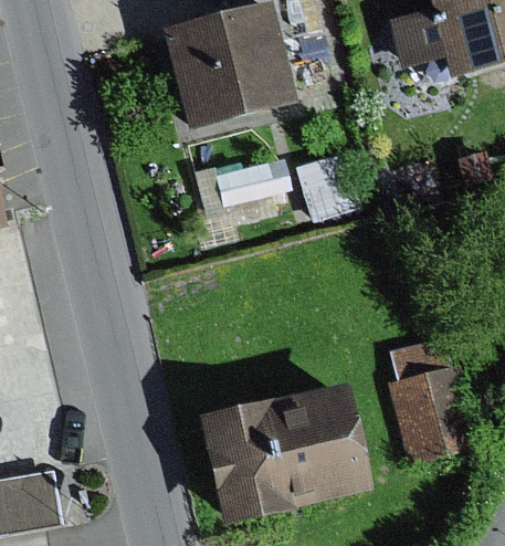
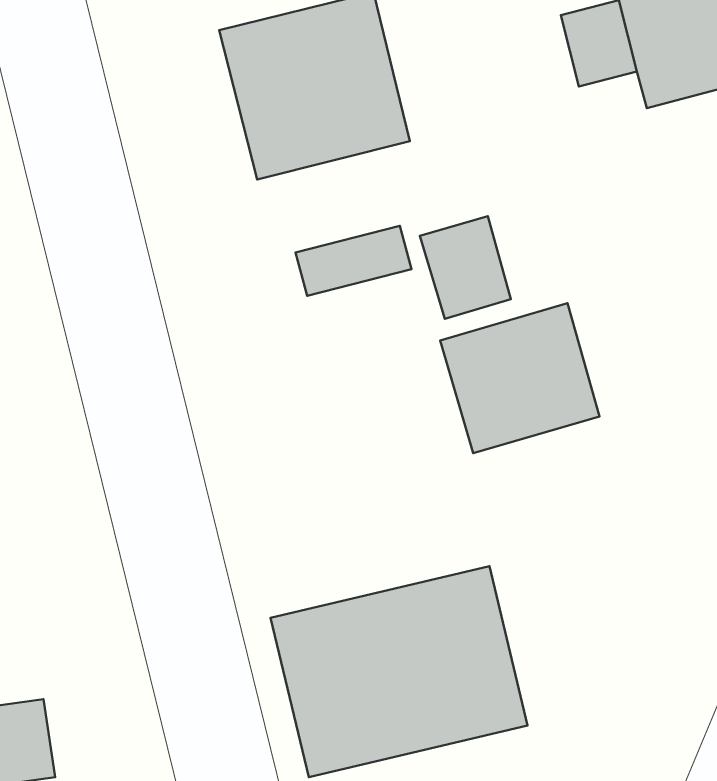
building: none -> [440,303,600,453]
building: [391,336,483,456] -> none

